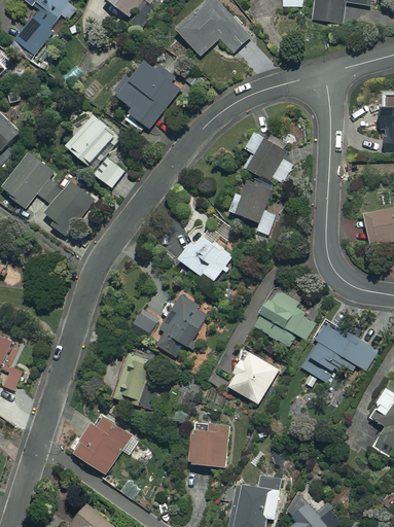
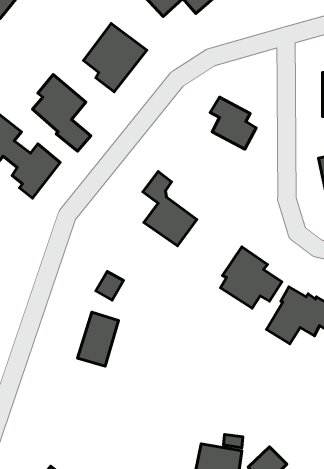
building: [230,181,276,236] -> none
building: [157,297,209,357] -> none
building: [229,351,280,405] -> none
building: [74,414,140,473] -> none
building: [190,423,228,467] -> none

